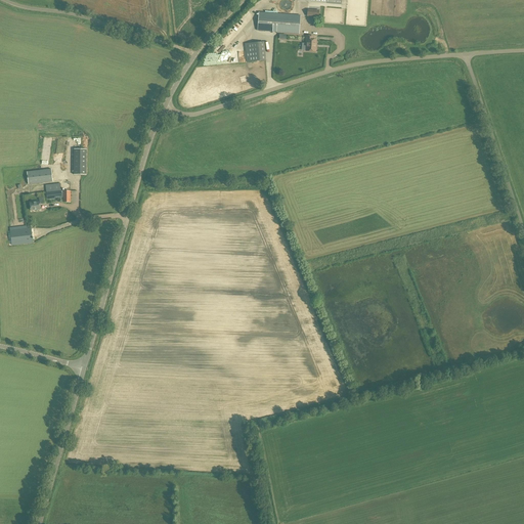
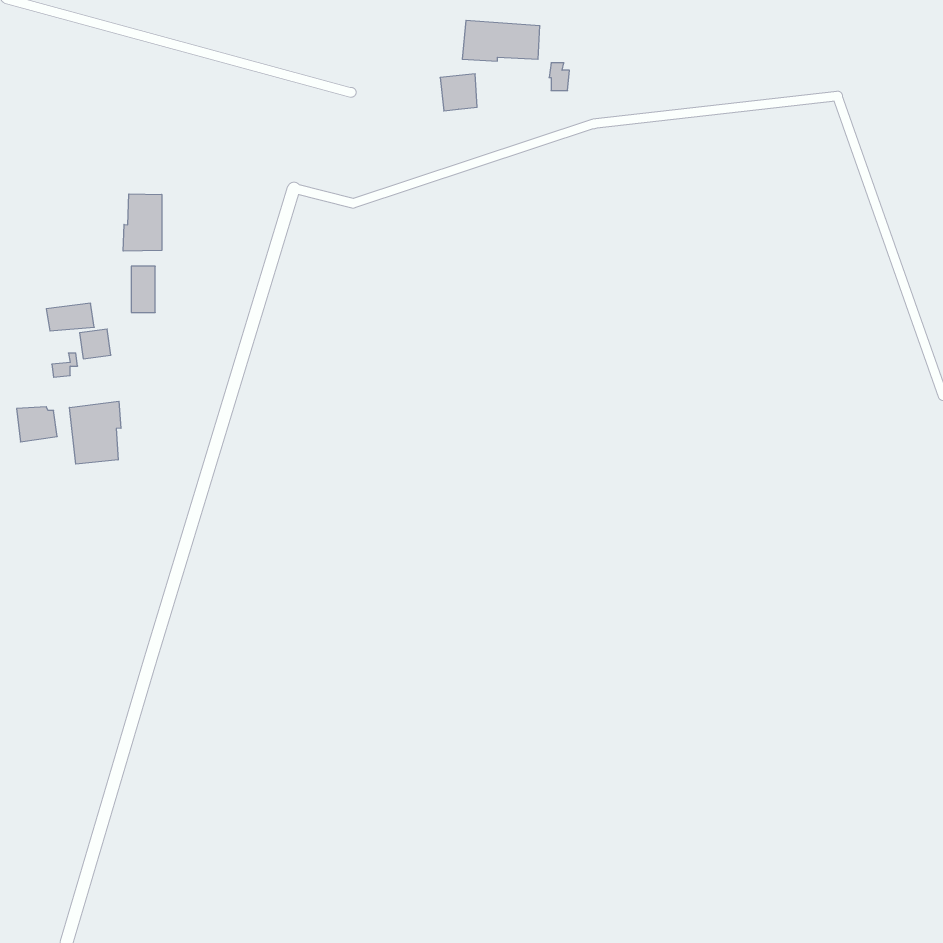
building: none -> [123,194,162,251]
building: none -> [69,401,121,464]

